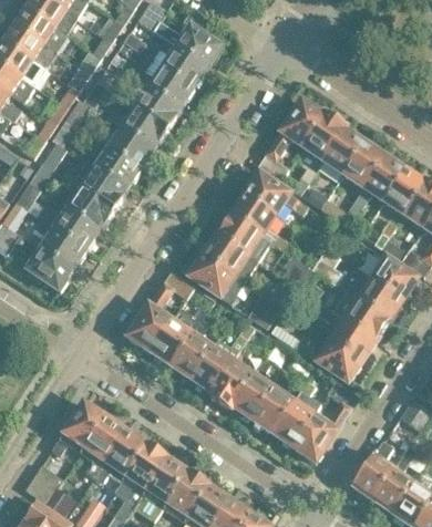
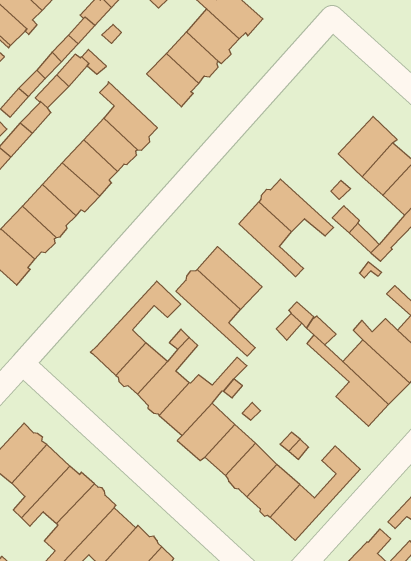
building: [258,101,325,179] -> none
building: [107,105,169,147] -> none
building: [216,214,271,261] -> none
building: [294,339,360,382] -> none

